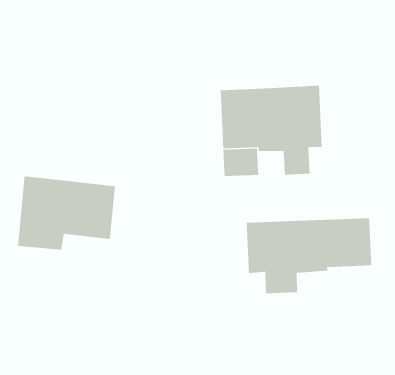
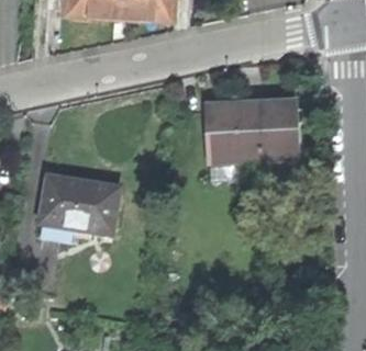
building: [246,217,372,294] -> none

